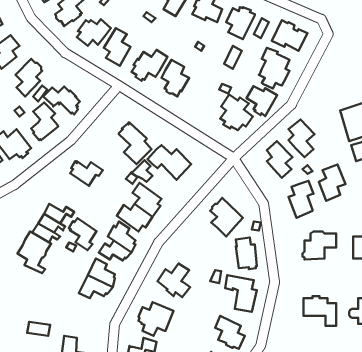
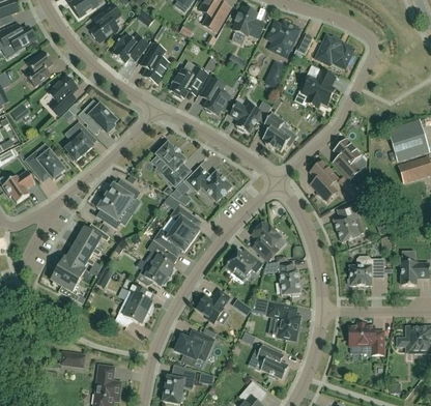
building: [246,86,277,116] -> [229,102,261,133]
building: [319,165,346,201] -> none
building: [69,218,97,250] -> [96,195,125,228]
building: none -> [225,248,263,274]

